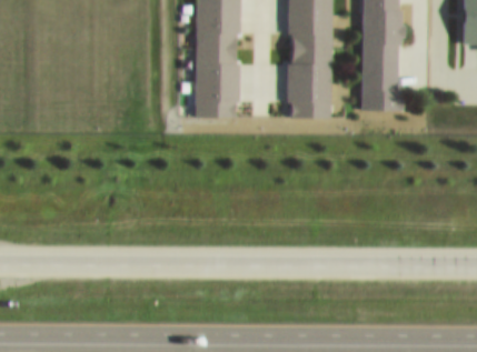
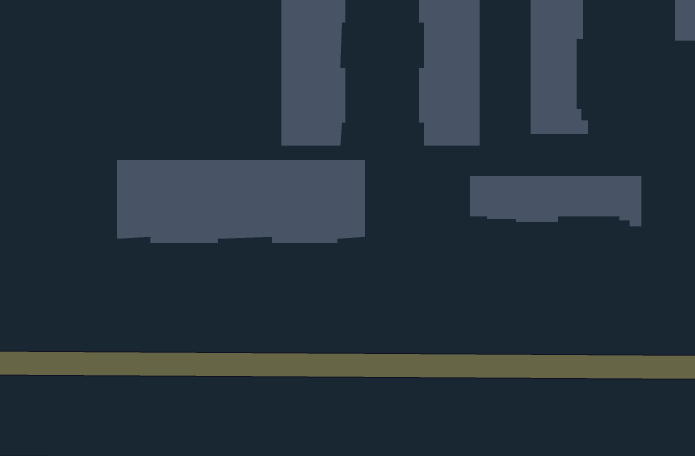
building: none -> [117,159,365,244]
building: none -> [469,175,642,227]

